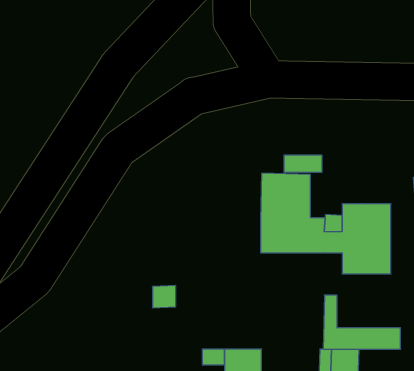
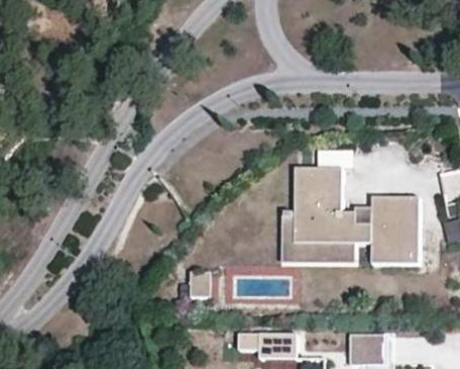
building: [323,295,401,349] -> [280,211,354,263]

